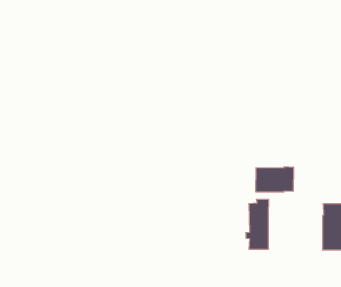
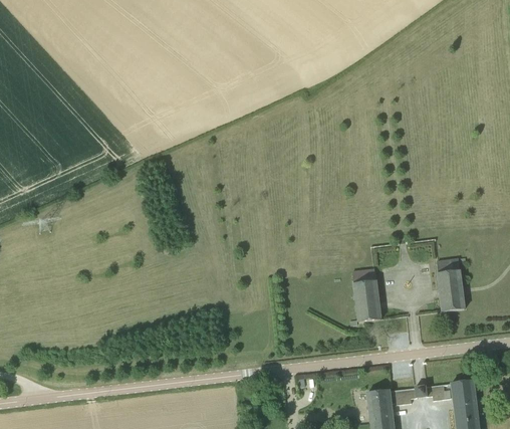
building: [256,167,293,192] -> none

